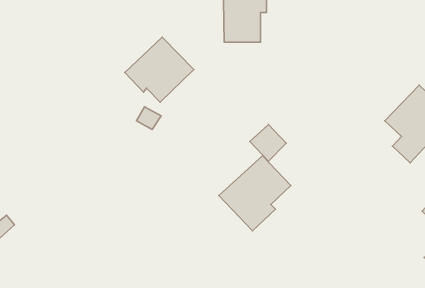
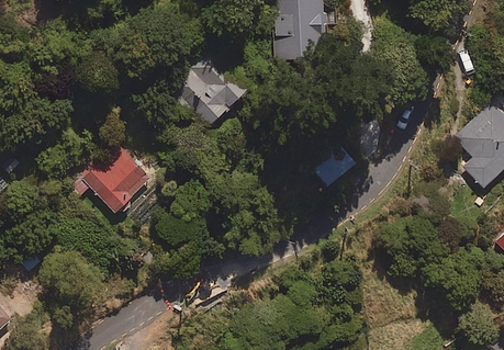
building: none -> [68,144,147,211]
building: [219,156,291,231] -> none

